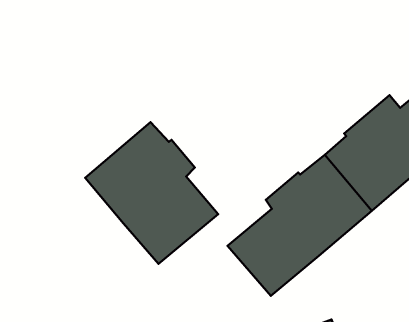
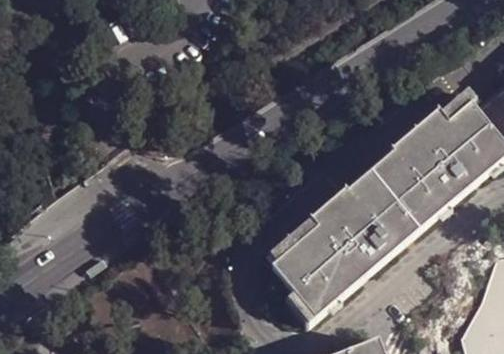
building: [85,122,218,264] -> none

